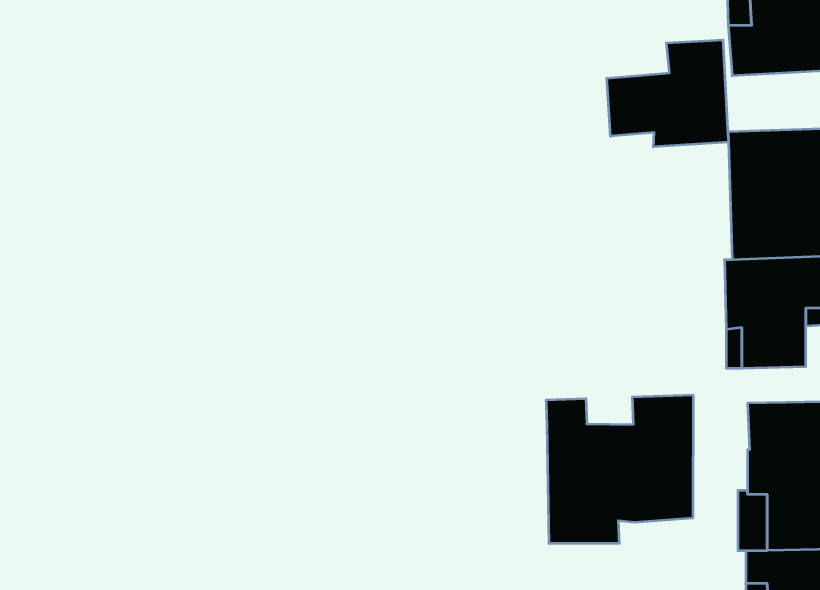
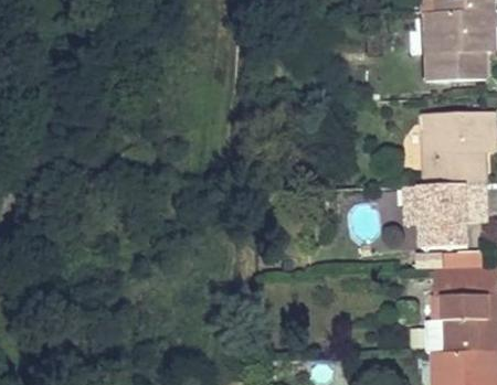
building: [607,40,729,147] -> none
building: [546,395,693,544] -> none

